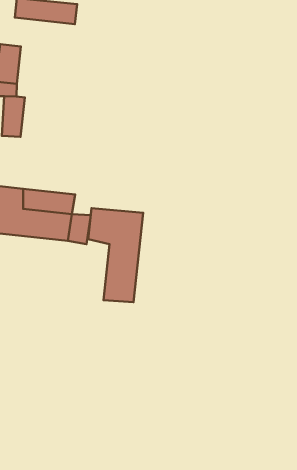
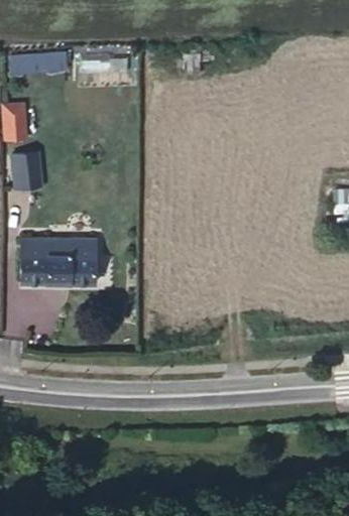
building: [88,208,143,302] -> none

